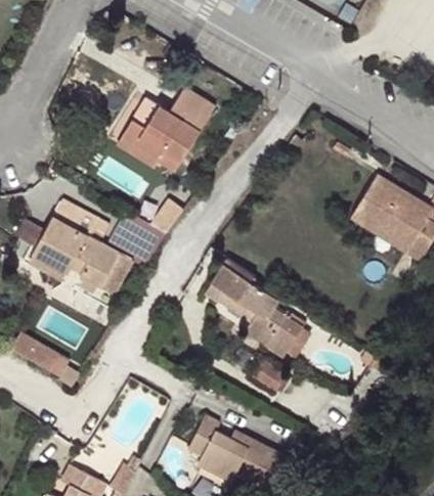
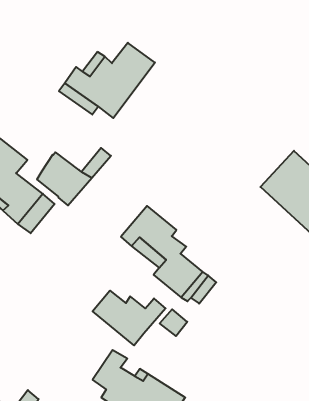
building: none -> [93,291,166,345]

